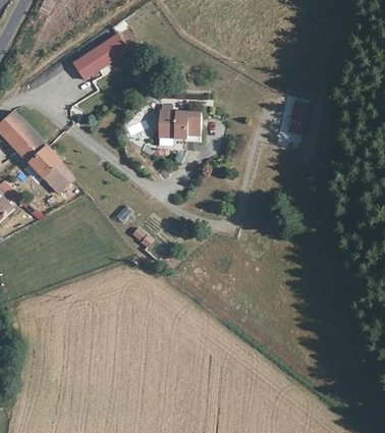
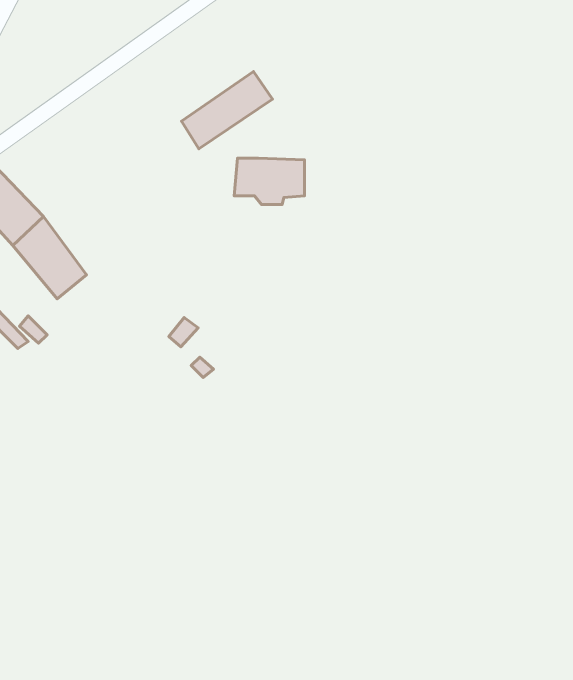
building: [73,33,127,78] -> [182,72,272,149]

